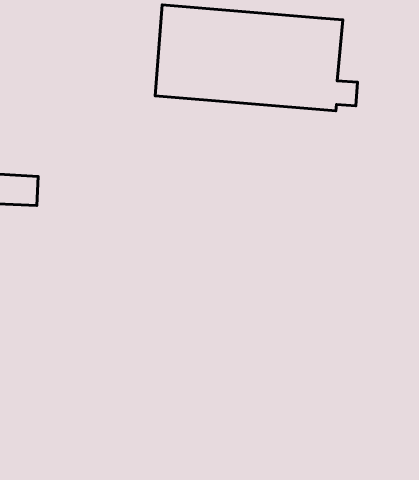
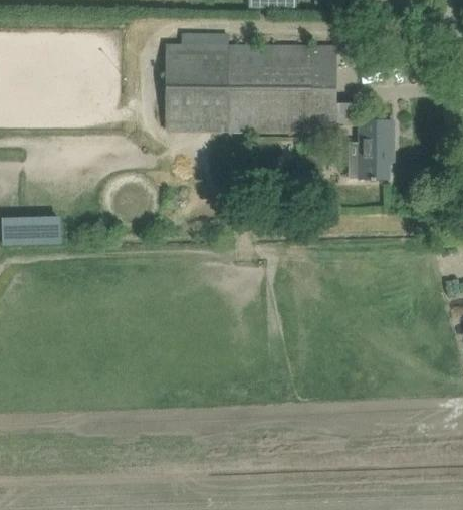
building: none -> [348,121,393,180]

